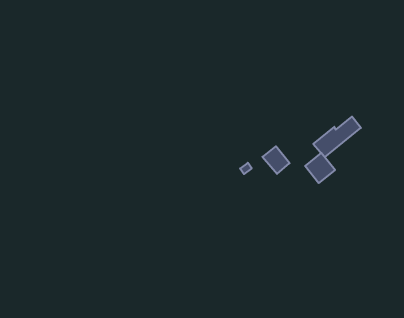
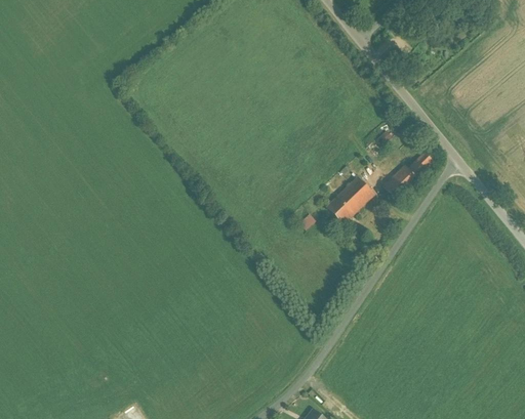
building: [305,153,335,183] -> [340,175,375,210]

